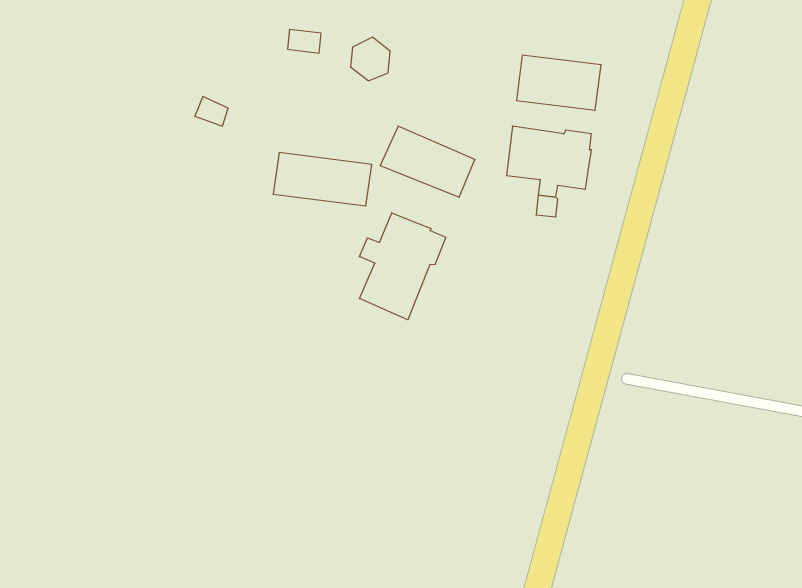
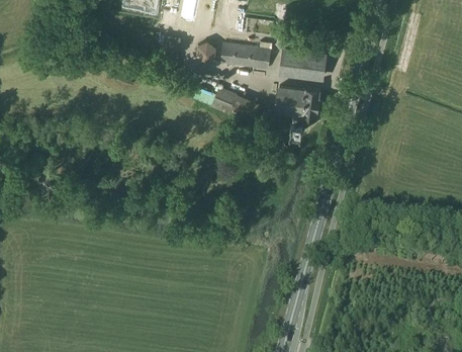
building: [273,153,372,206] -> [219,41,270,69]
building: [359,213,446,320] -> none

